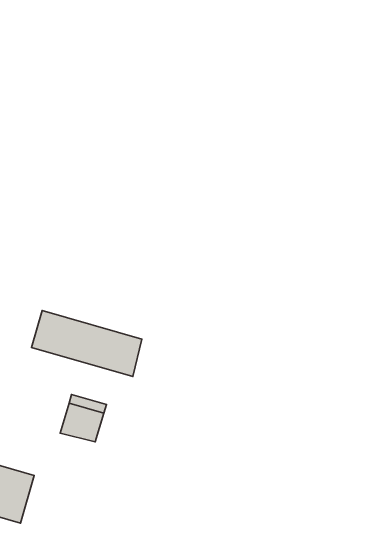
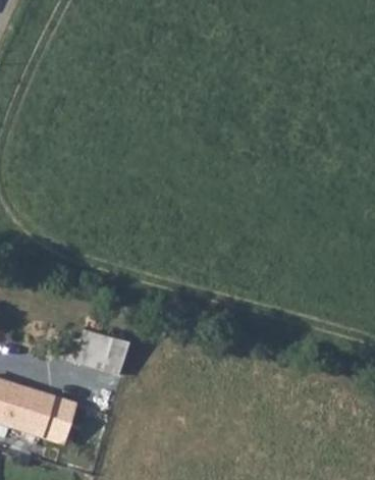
building: [32,311,142,376] -> none

